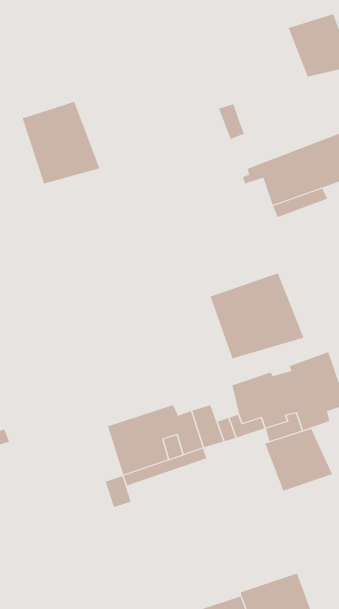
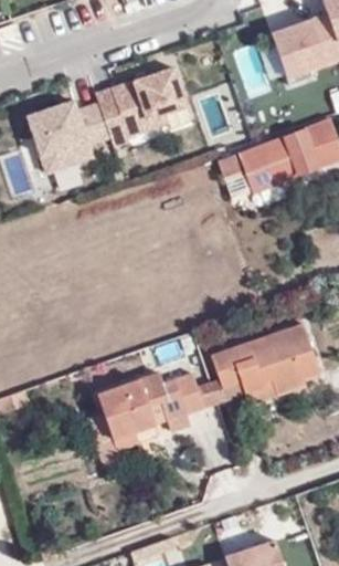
building: none -> [95,64,186,146]
building: [210,273,304,359] -> none
building: [264,428,333,492] -> none

